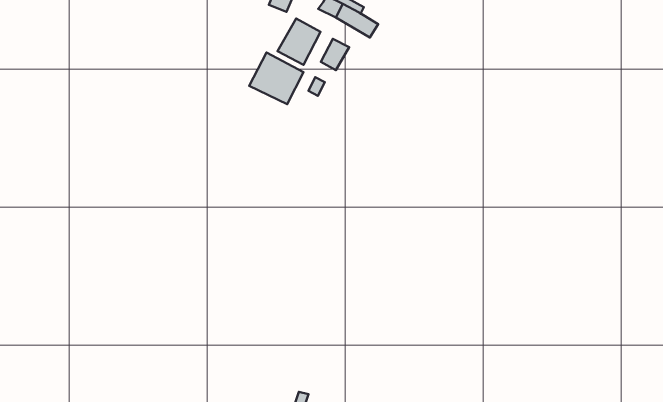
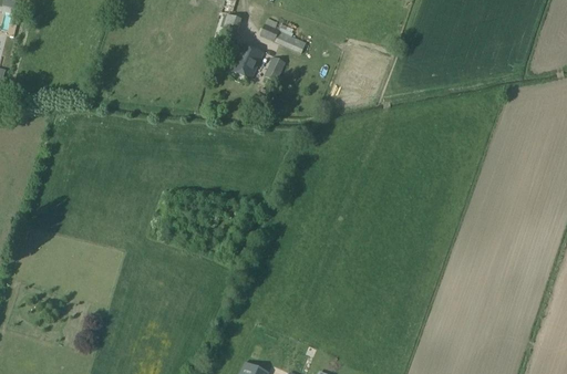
building: [249,53,303,104] -> none

